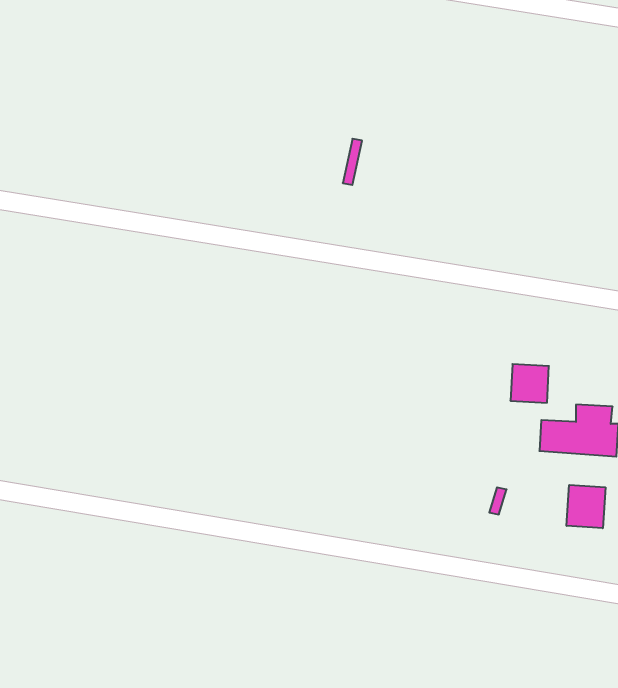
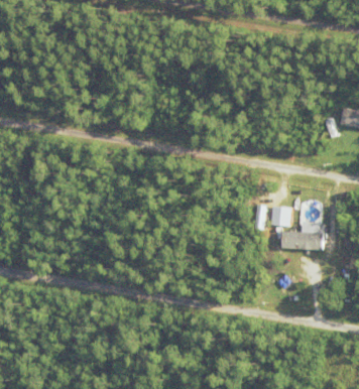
building: [567,485,605,528] -> none

